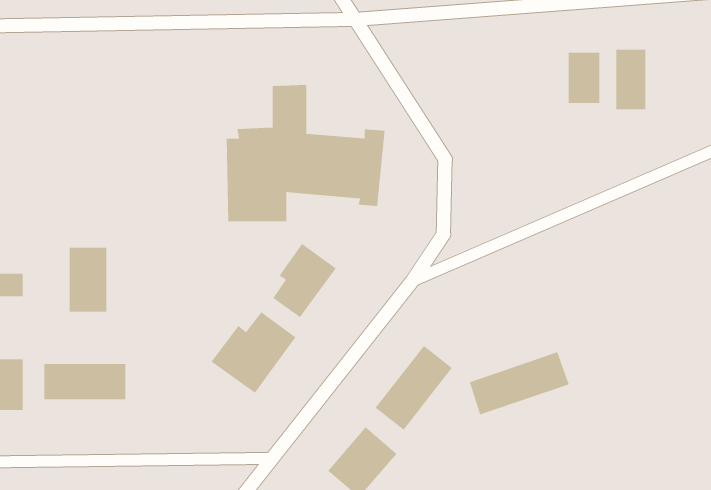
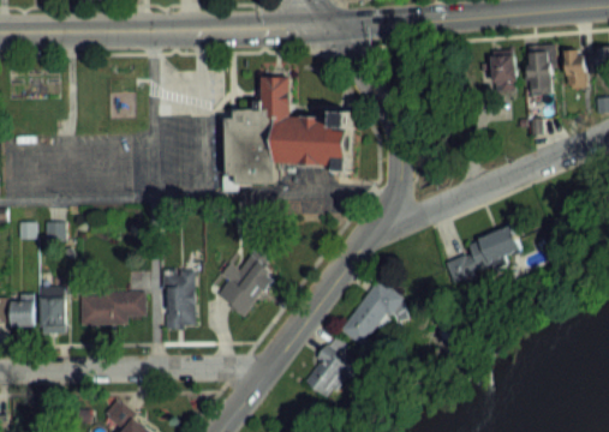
building: none -> [566,50,586,86]
building: [272,243,337,318] -> none
building: [69,247,107,313] -> [165,274,195,325]
building: [469,351,570,416] -> [443,229,523,280]

